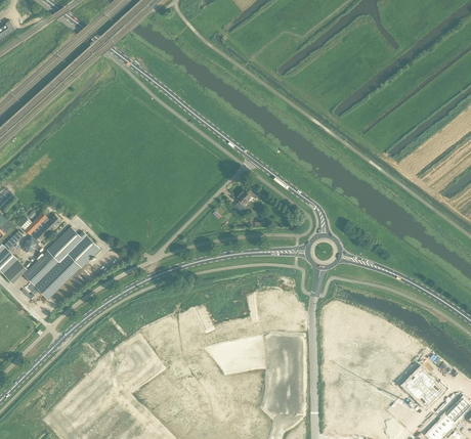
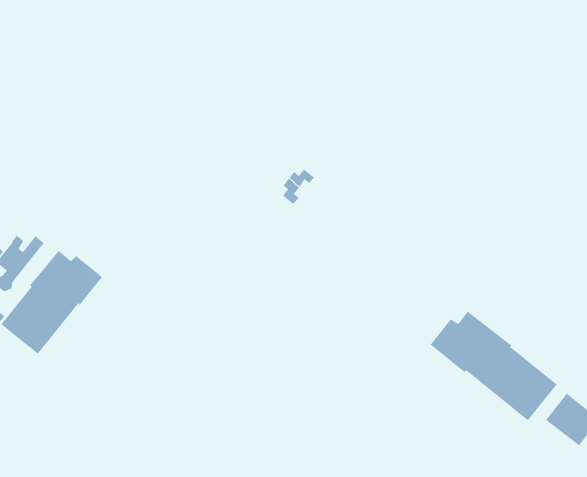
building: none -> [430,311,558,421]

